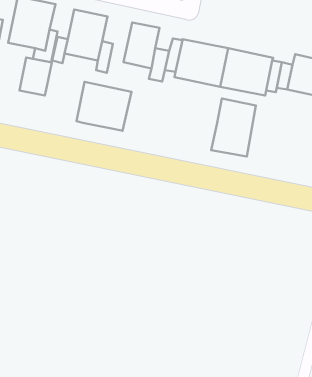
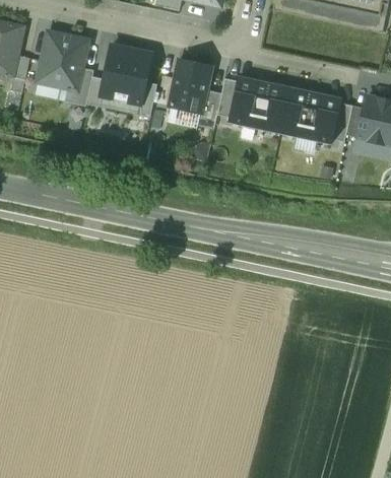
building: [20,57,52,96] -> none
building: [76,82,132,131] -> none
building: [211,98,256,157] -> none

